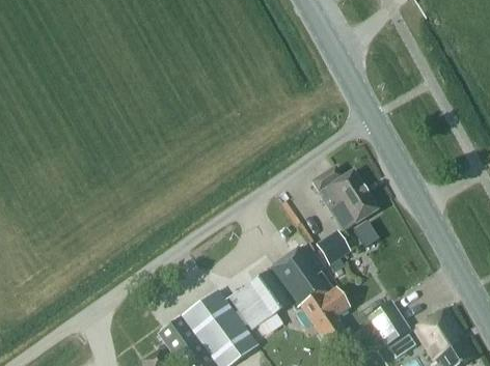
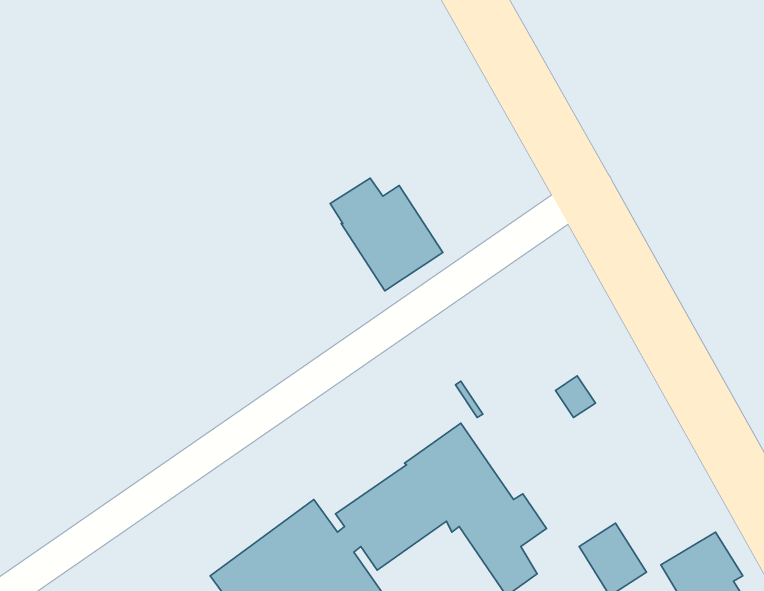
building: [314,166,378,230] -> [330,178,443,291]
building: [318,230,352,262] -> none

